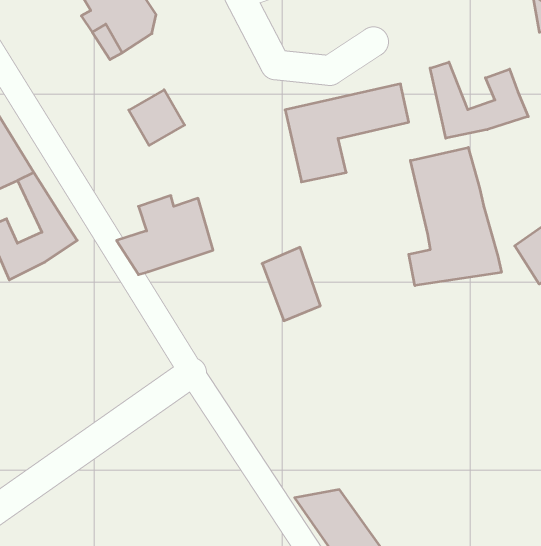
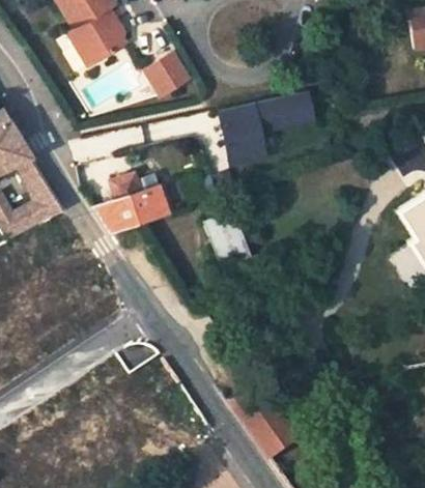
building: [430,62,528,138] -> none
building: [129,90,185,145] -> [145,53,188,95]
building: [409,147,501,286] -> none

